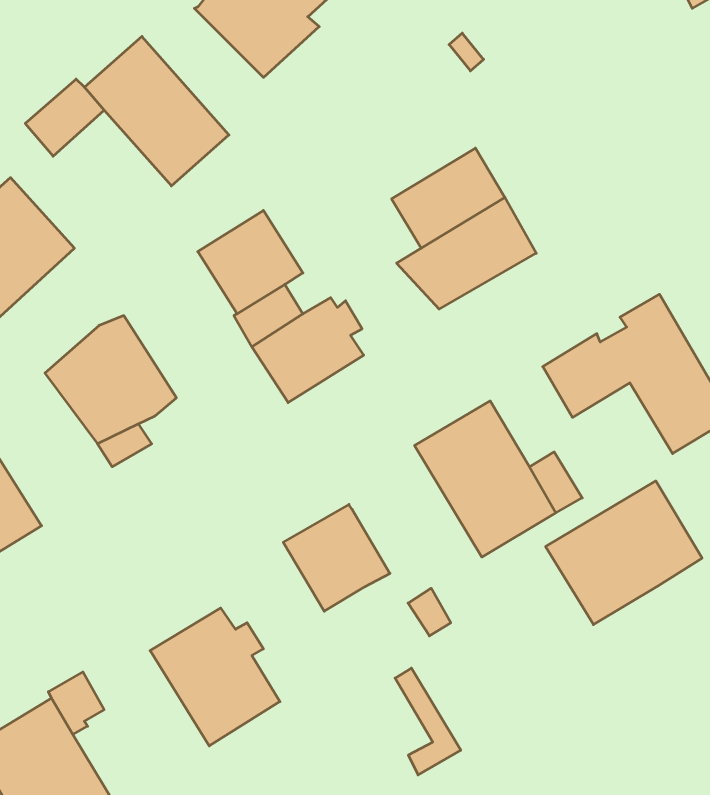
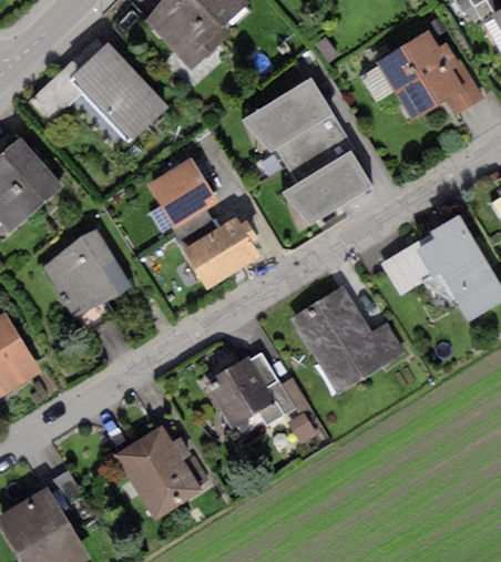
building: none -> [374,30,484,124]
building: none -> [241,76,334,153]
building: [546,481,702,625] -> none
building: [395,668,461,775] -> [250,352,295,425]

